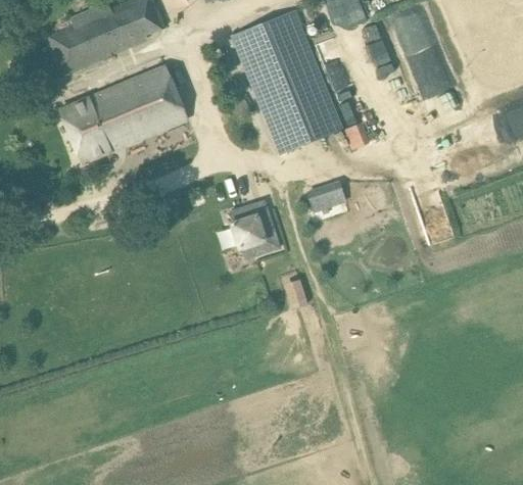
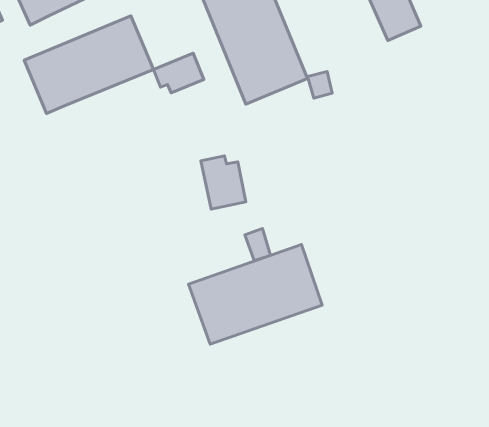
building: none -> [153,53,204,93]
building: [308,183,345,210] -> none
building: none -> [189,244,322,344]

